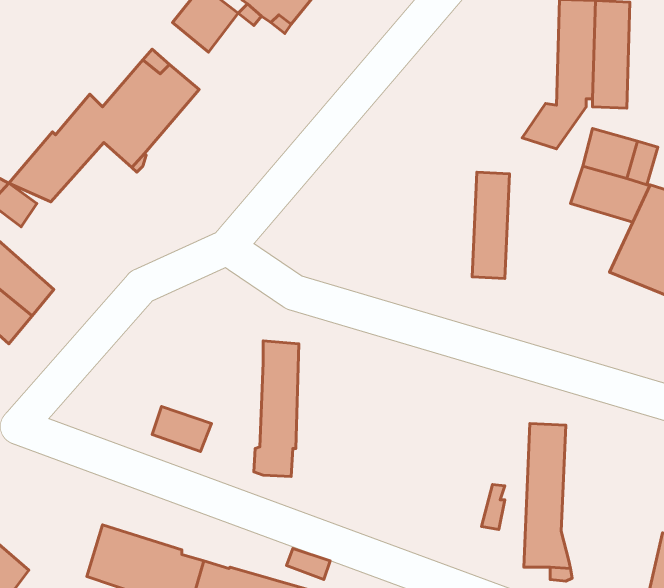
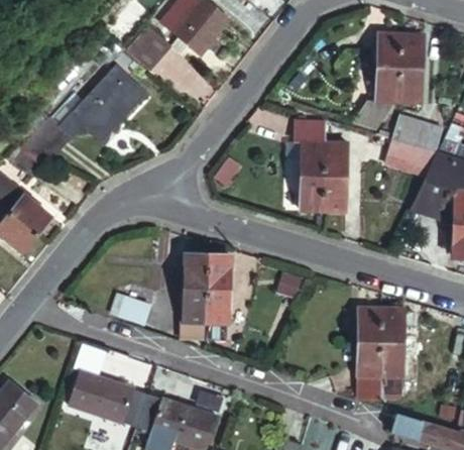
building: none -> [296,124,326,211]
building: none -> [208,254,229,324]
building: none -> [379,307,404,396]

